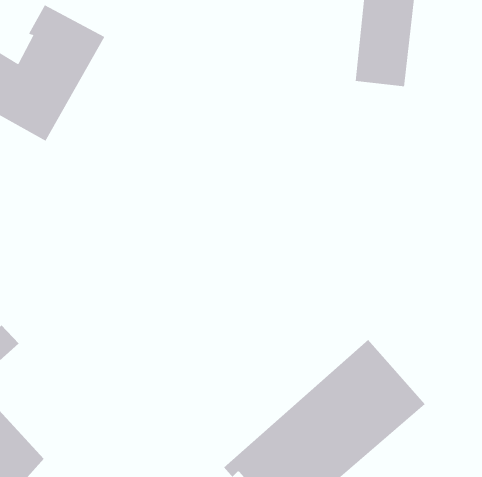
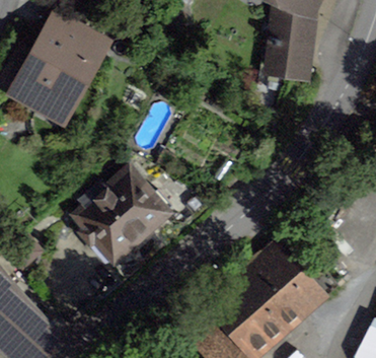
building: none -> [78,170,170,262]

